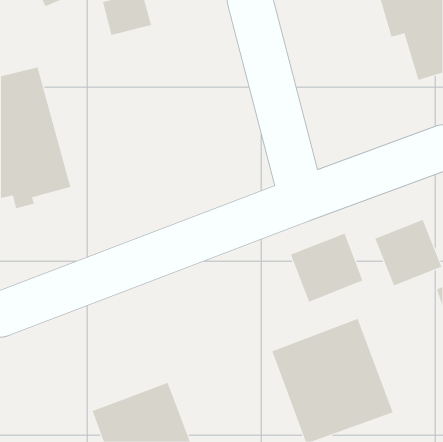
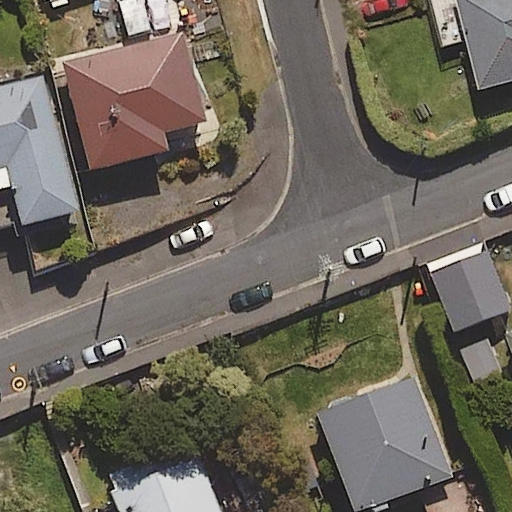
building: none -> [62,31,209,176]
building: [290,233,363,302] -> none

